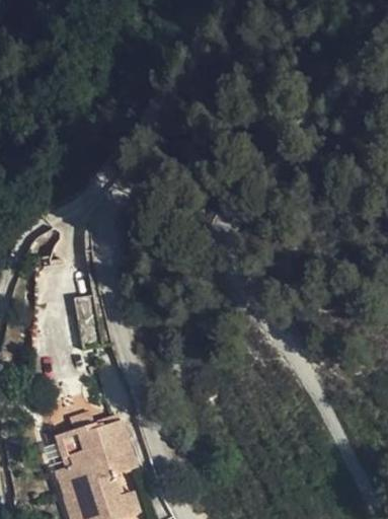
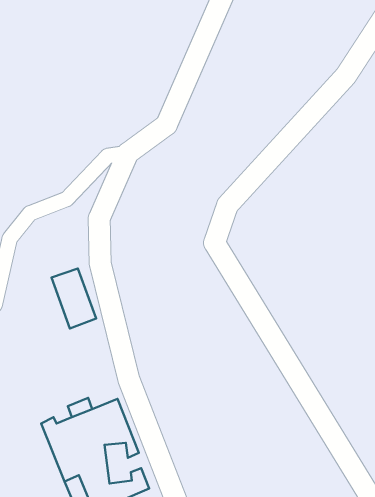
building: [105,461,133,502] -> none

